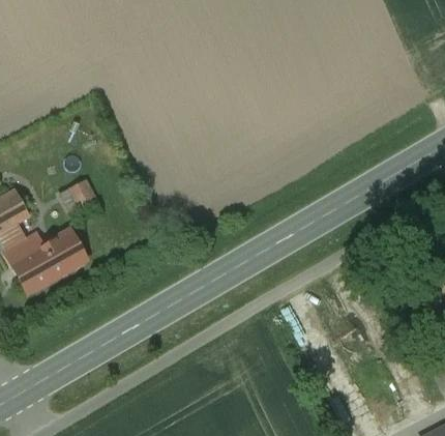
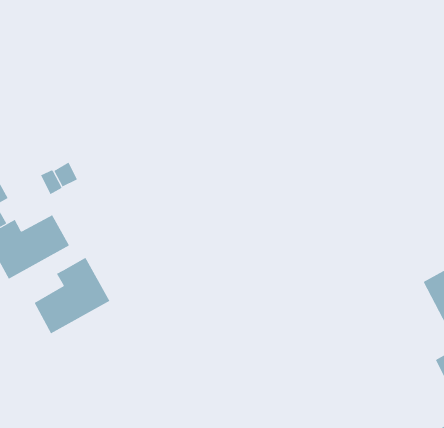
building: none -> [34,257,110,334]

